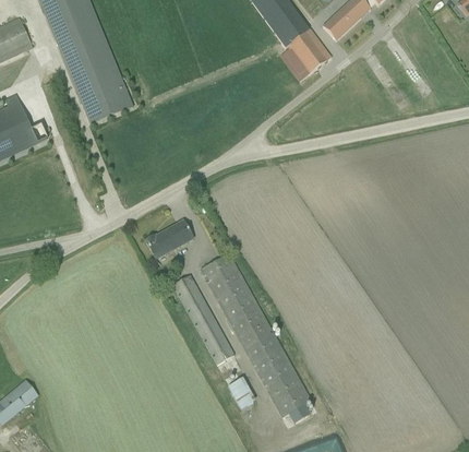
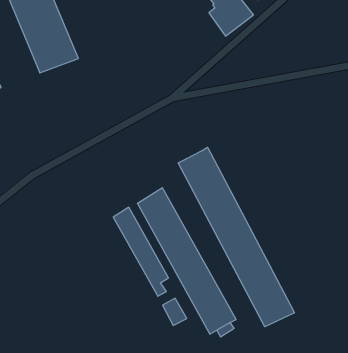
building: none -> [178,147,294,327]
building: [144,219,193,259] -> none

